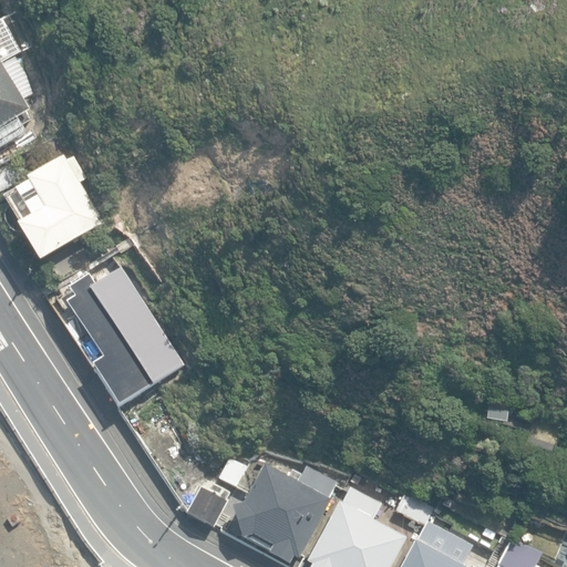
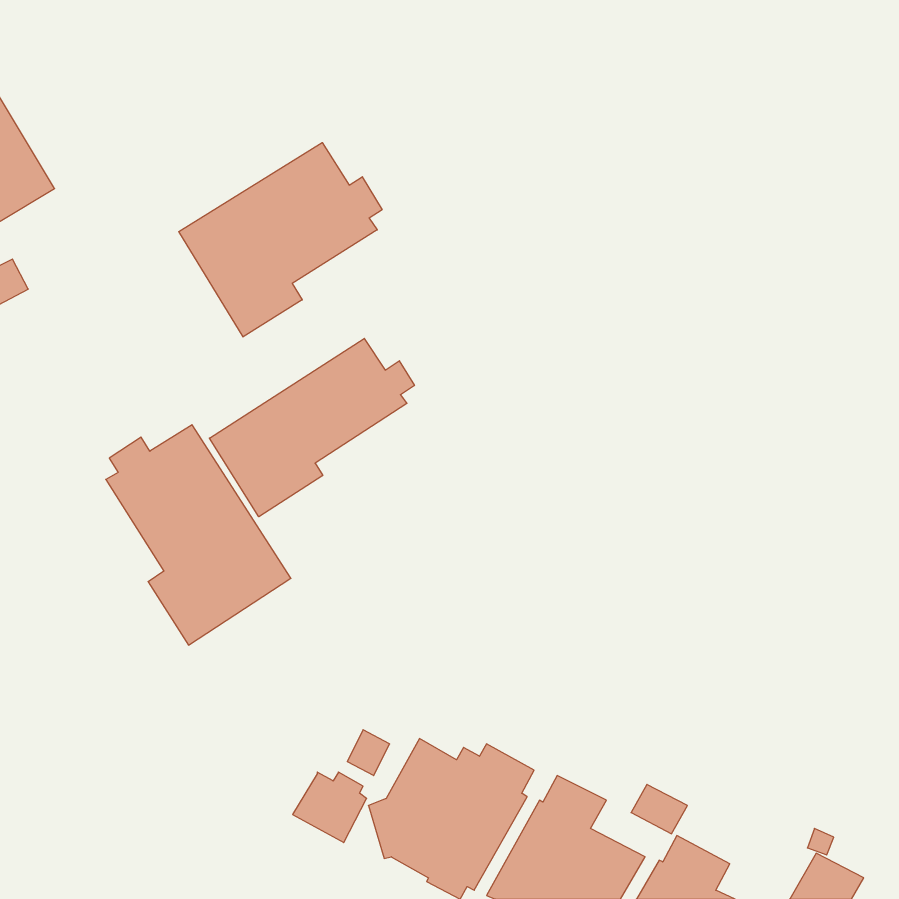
building: none -> [179,143,382,337]
building: [6,155,104,262] -> none
building: none -> [209,338,414,517]

